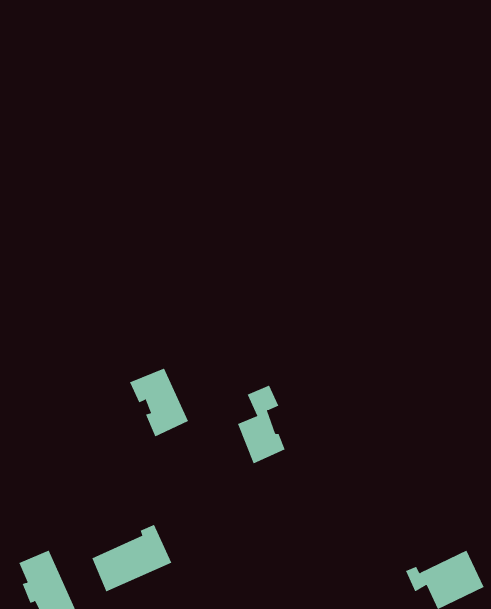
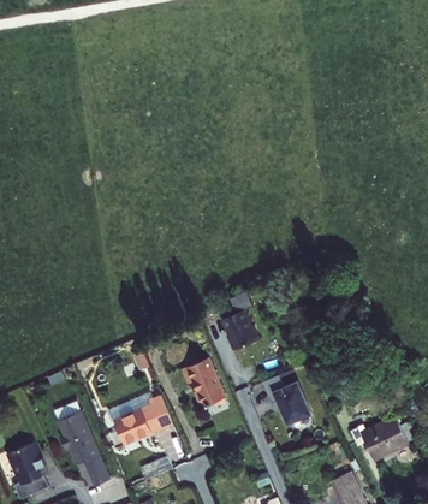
building: [129,368,189,437] -> [179,355,224,407]
building: none -> [262,374,309,422]

